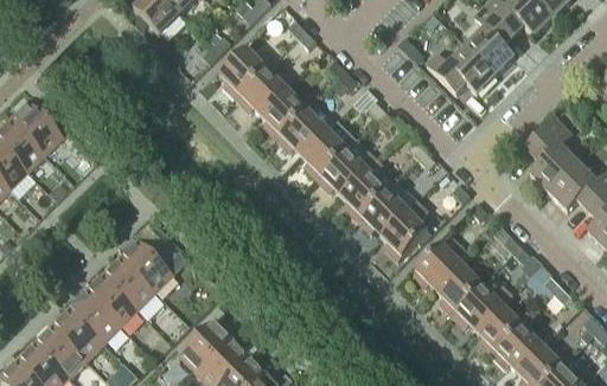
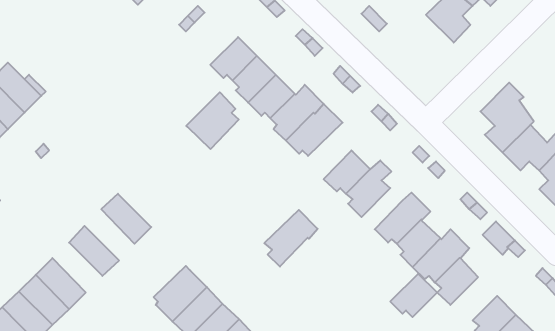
building: [427,47,497,95] -> none
building: [221,51,267,101] -> none
building: none -> [186,92,239,149]
building: [341,162,398,223] -> [264,210,318,267]
building: [103,255,156,309] -> none
building: [69,290,122,343] -> none
building: [493,327,543,373] -> [390,274,437,317]

